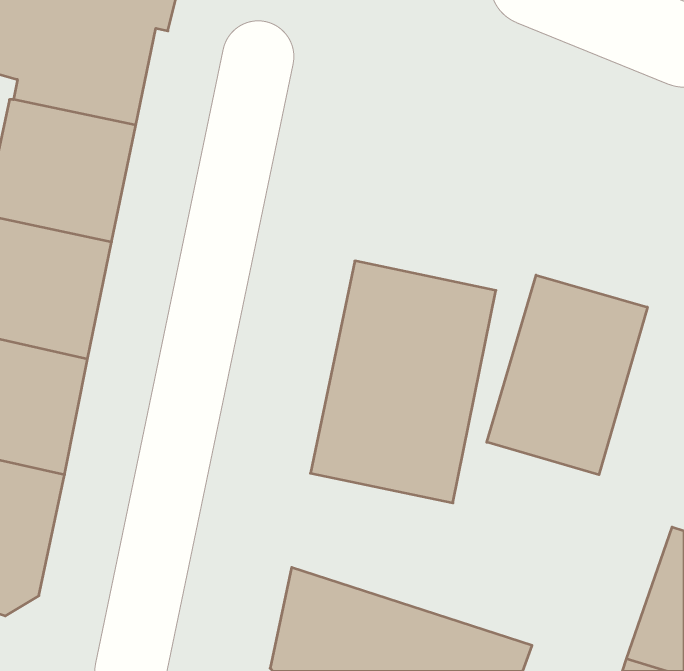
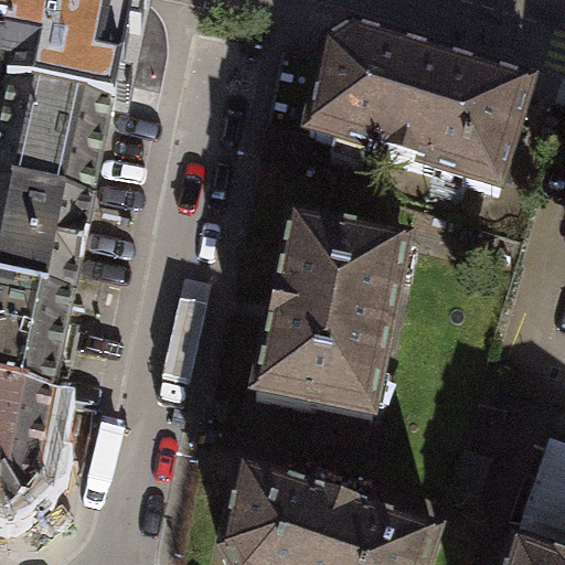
building: none -> [309,29,530,184]
building: [487,275,647,475] -> none

